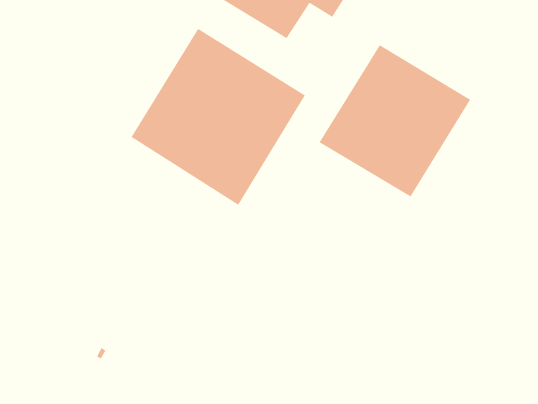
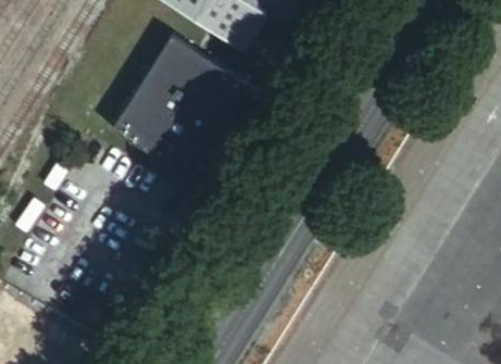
building: [318,44,471,197] -> none

